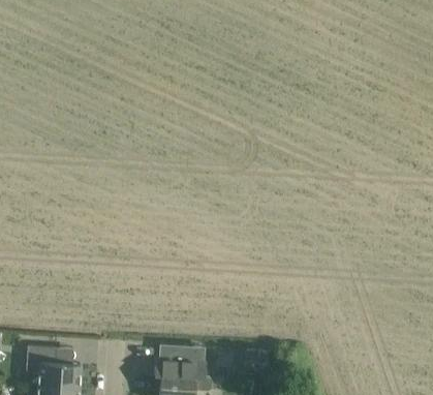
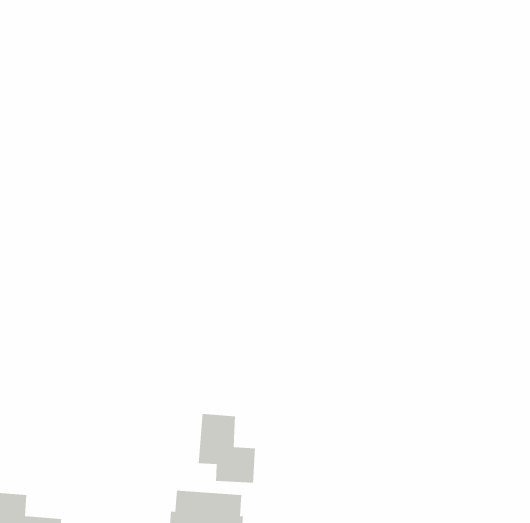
building: none -> [198,413,256,483]

